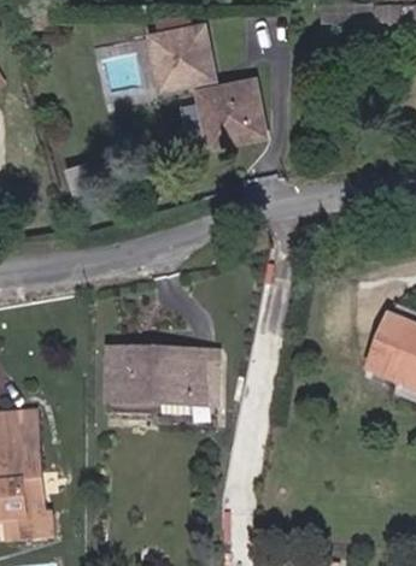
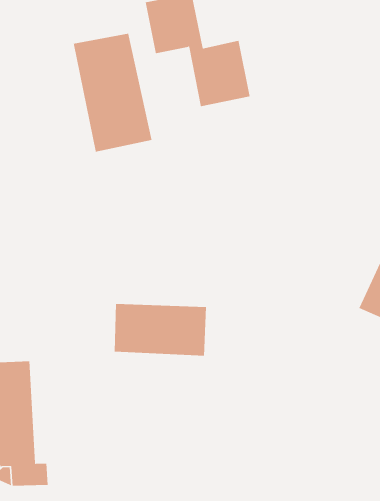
building: none -> [73,33,152,152]

